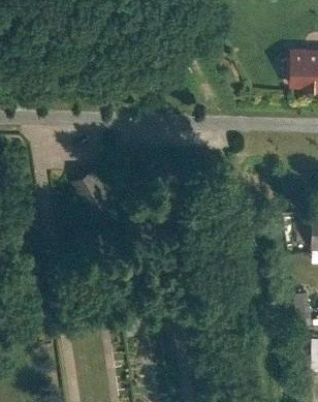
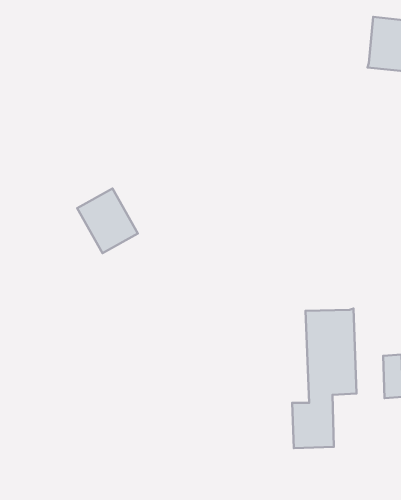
building: none -> [292,309,356,448]

